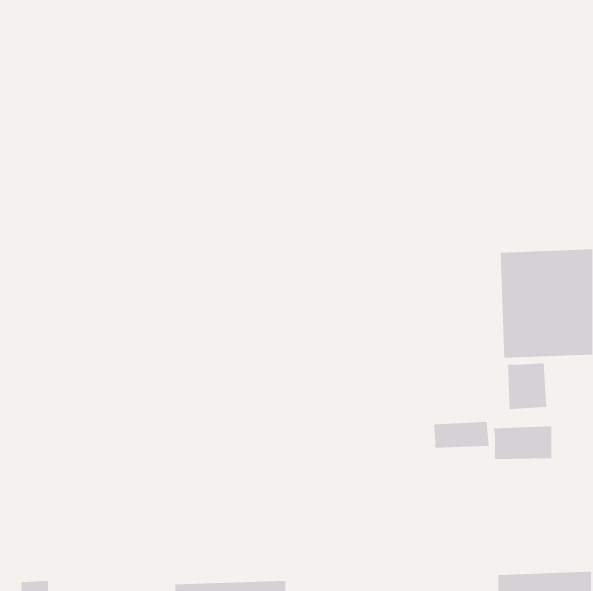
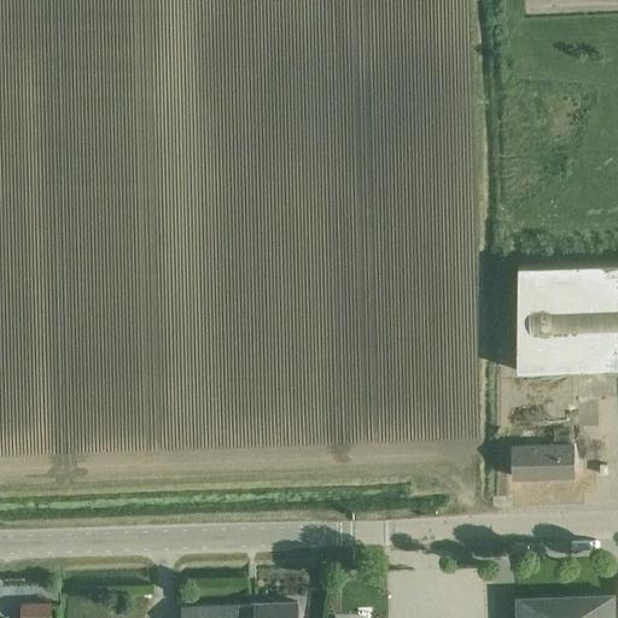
building: [508,362,547,410] -> none
building: [433,421,489,449] -> none

